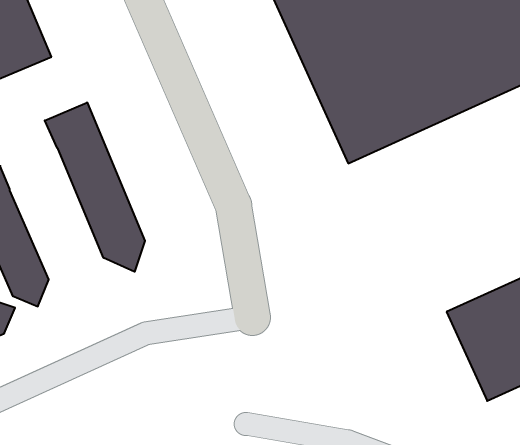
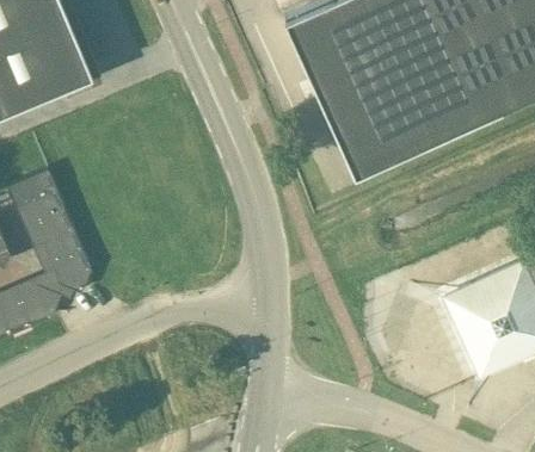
building: [45,102,145,272] -> none

